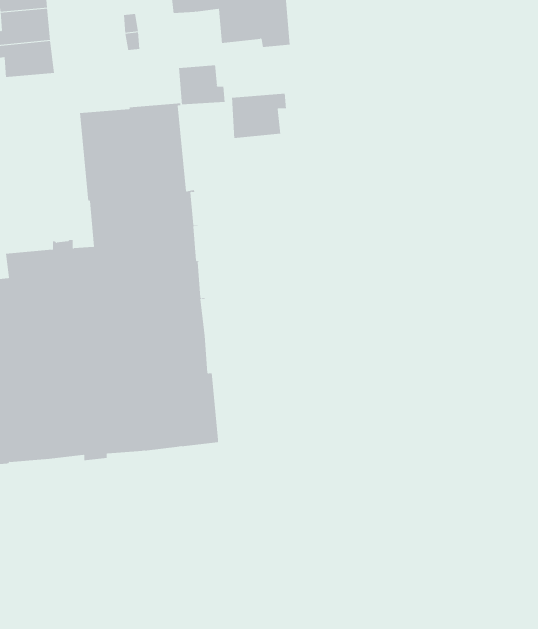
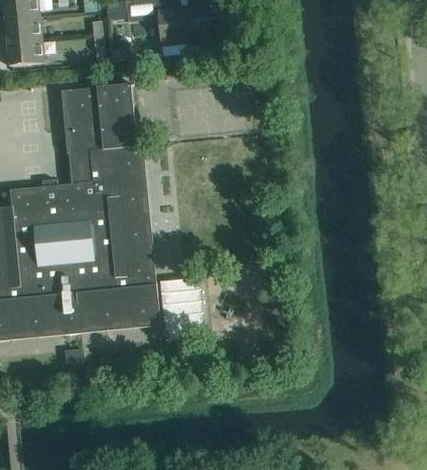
building: [178,65,225,105] -> none
building: [232,93,286,139] -> none

